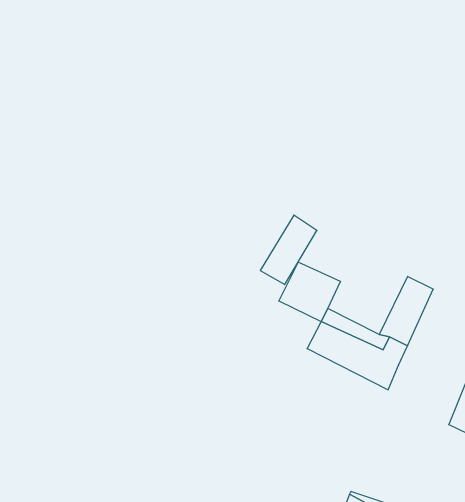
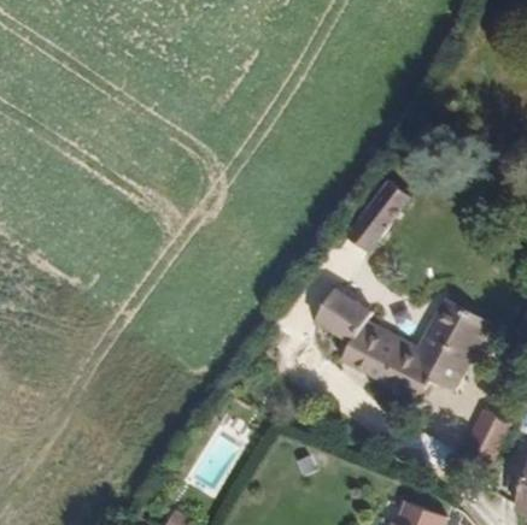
building: [260,215,317,285] -> [341,182,394,247]
building: none -> [426,311,482,393]

